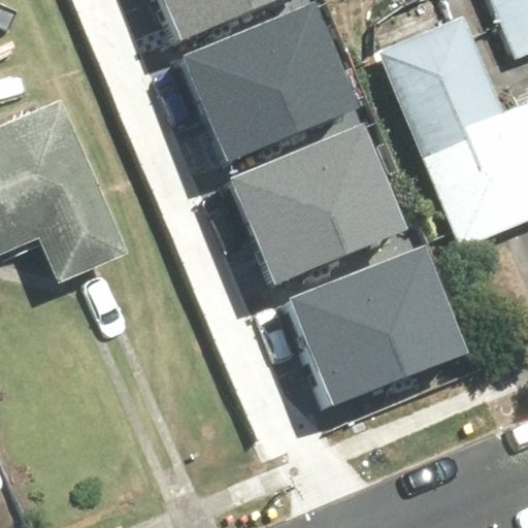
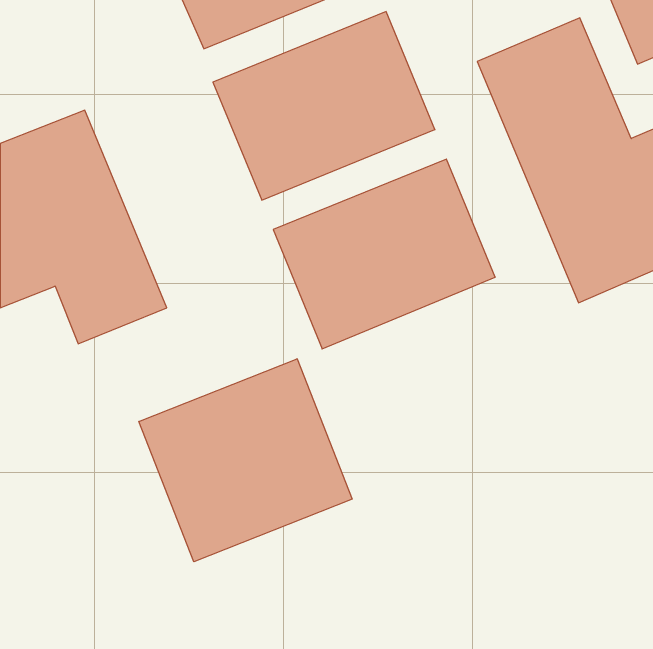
building: [280,264,434,405] -> none
building: none -> [139,359,352,562]

